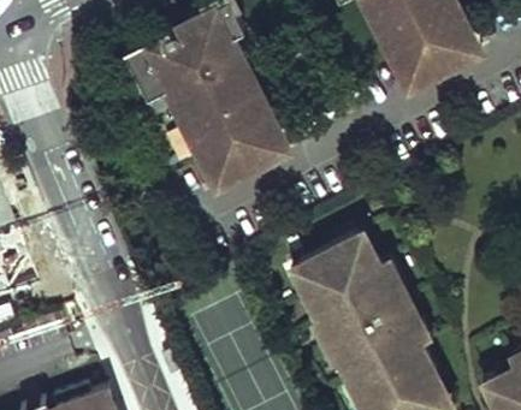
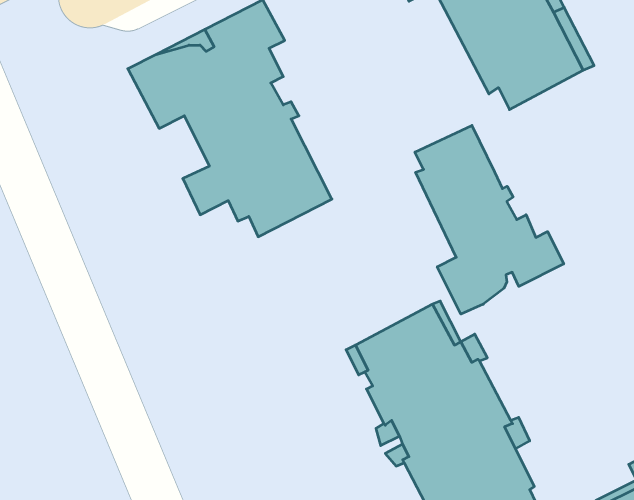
building: none -> [415,125,564,314]

